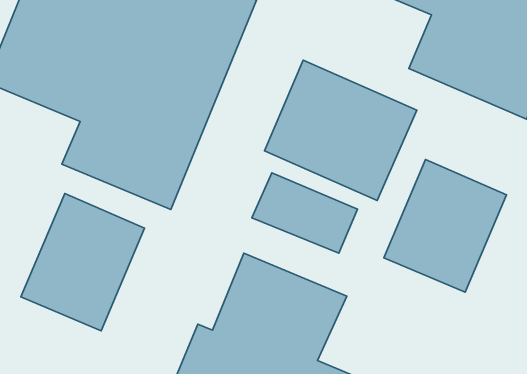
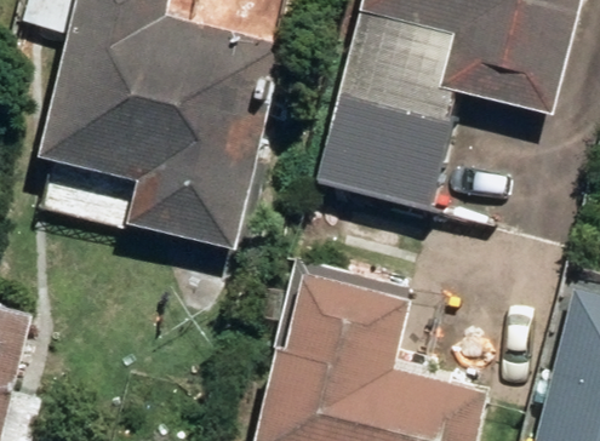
building: [384,159,506,292] -> none
building: [21,193,145,331] -> none

